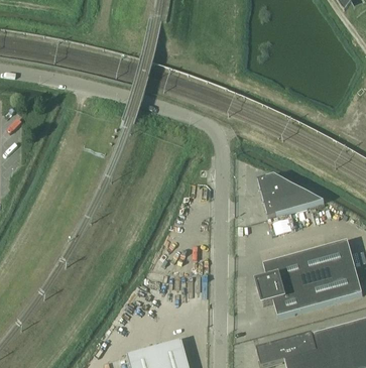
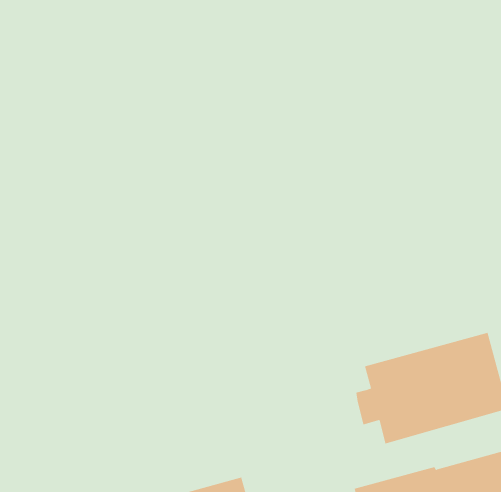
building: [258,173,325,216] -> none

